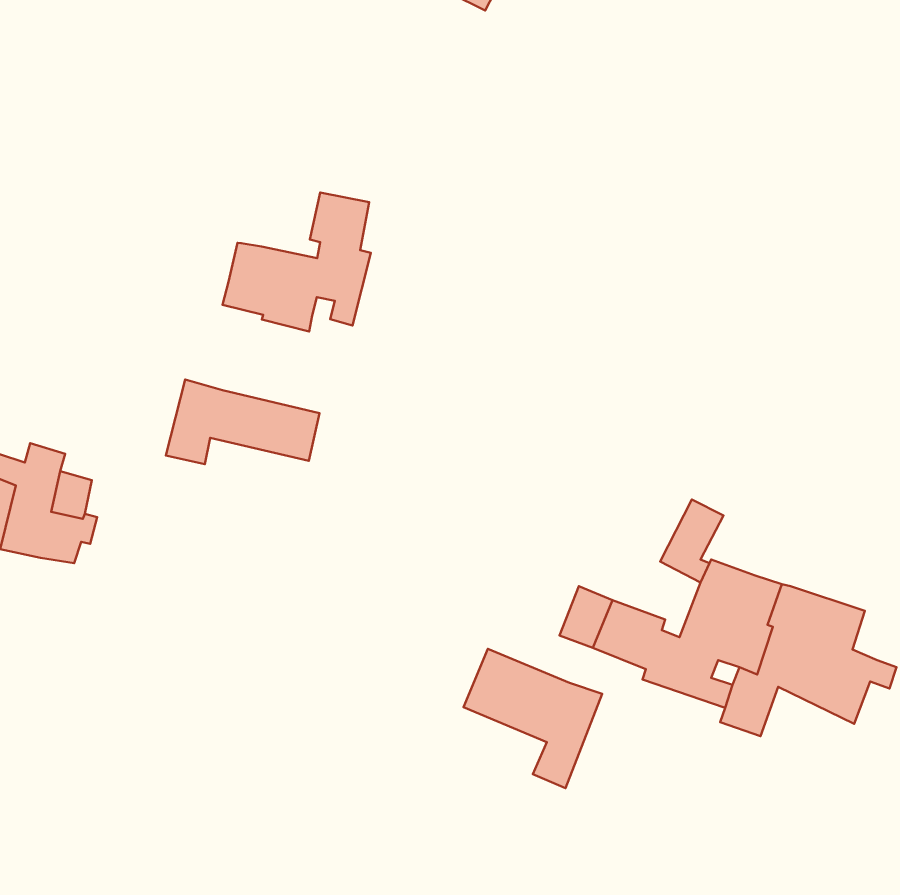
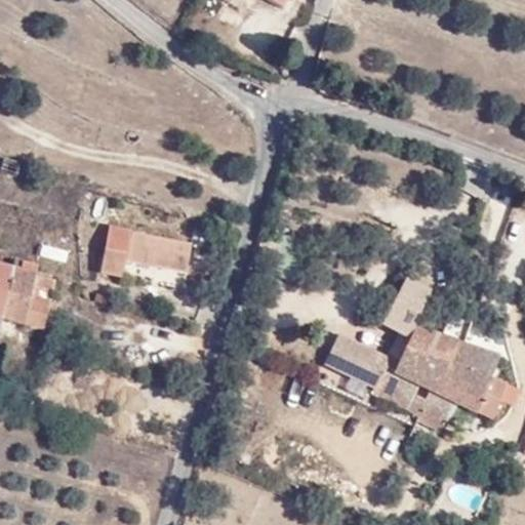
building: [223,192,371,332] -> none
building: [464,649,602,788] -> none

